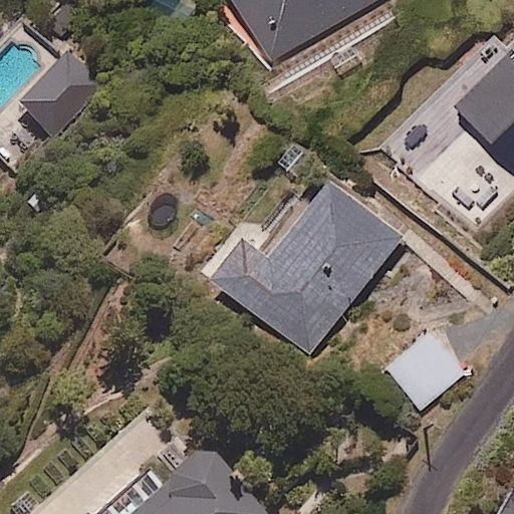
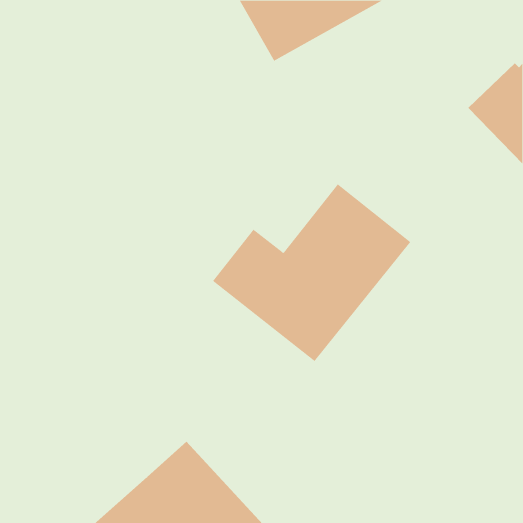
building: [19,50,105,135] -> none
building: [384,333,466,413] -> none

